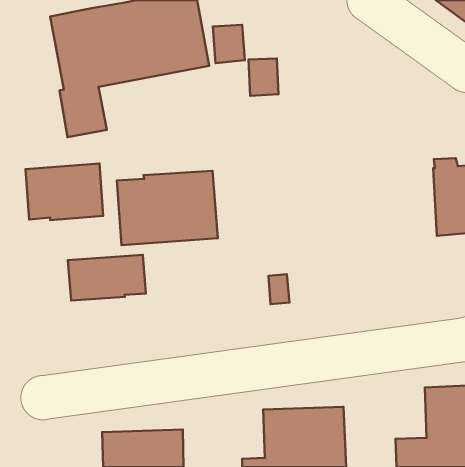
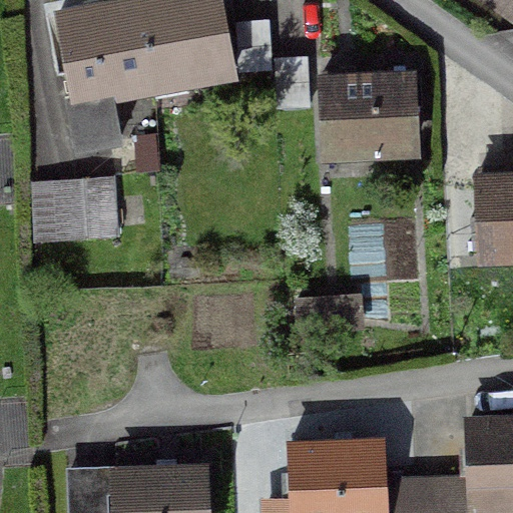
building: none -> [323,73,412,154]
building: [117,171,218,245] -> none
building: [68,255,146,300] -> none

